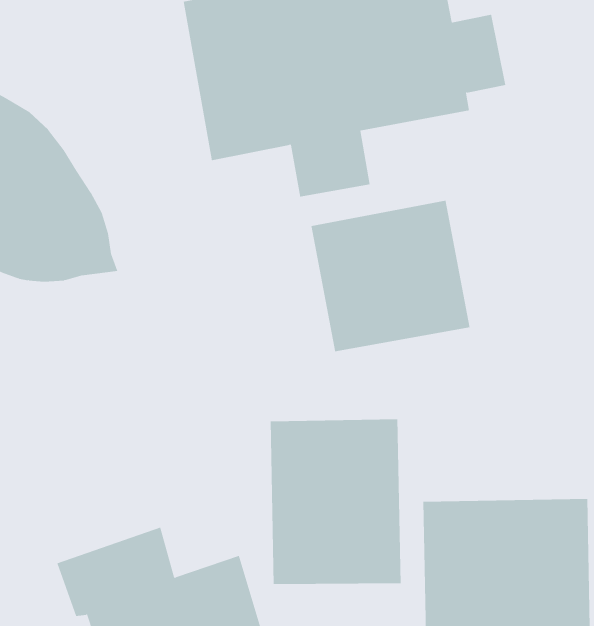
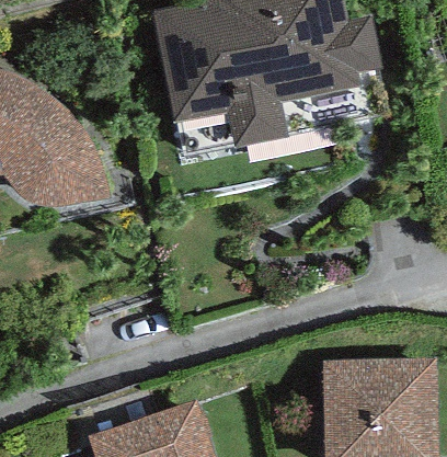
building: [311,200,470,352] -> none
building: [270,418,401,585] -> none

